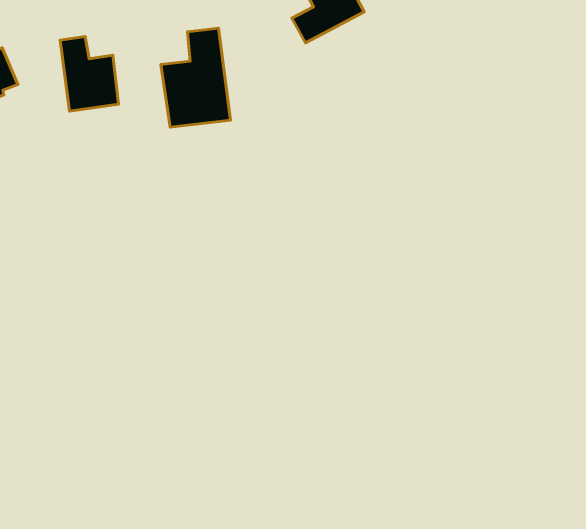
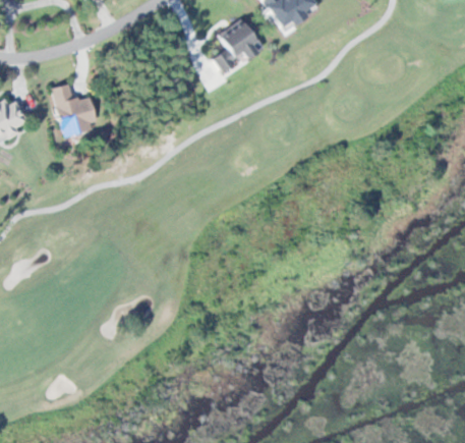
building: [161,28,231,127] -> none

